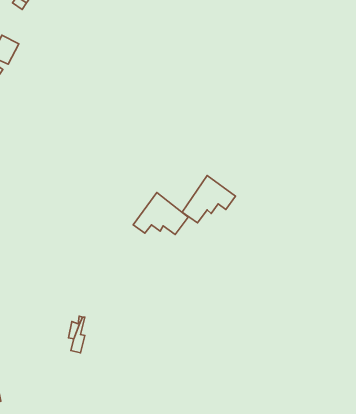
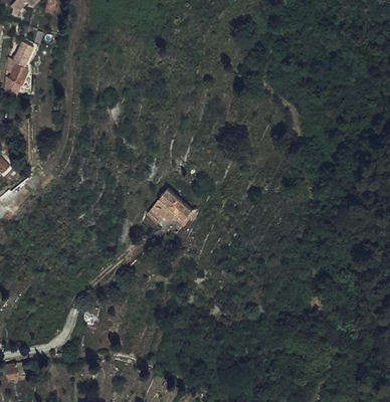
building: [182,176,235,223] -> none

